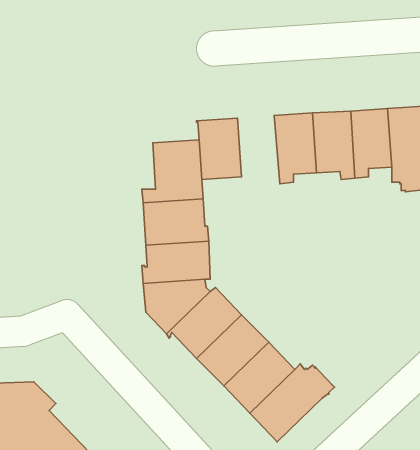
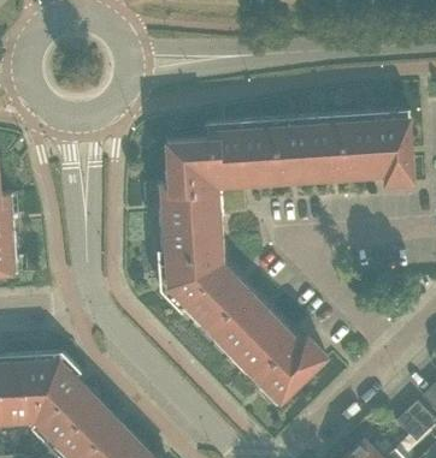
building: none -> [242,119,279,179]

